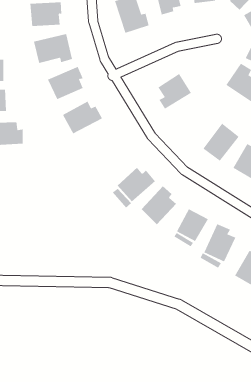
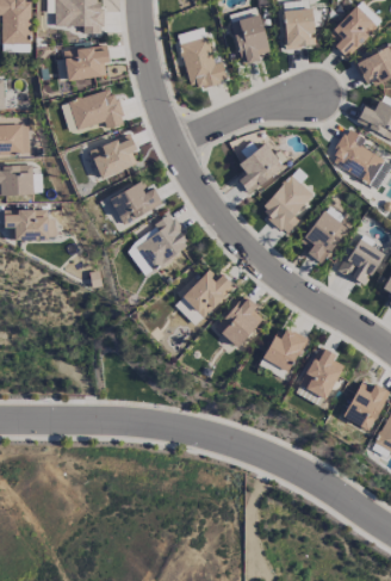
building: none -> [260,175,314,235]
building: none -> [125,215,191,276]

